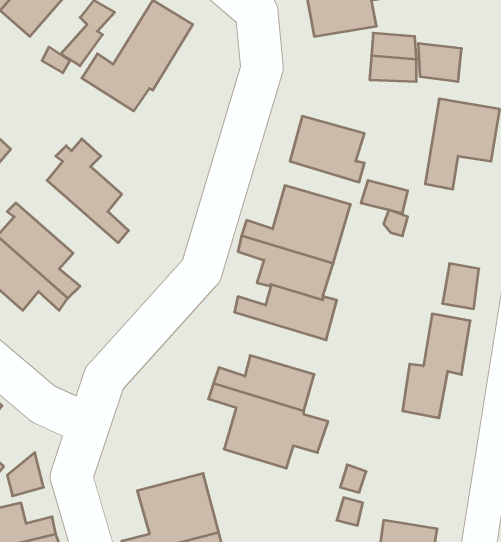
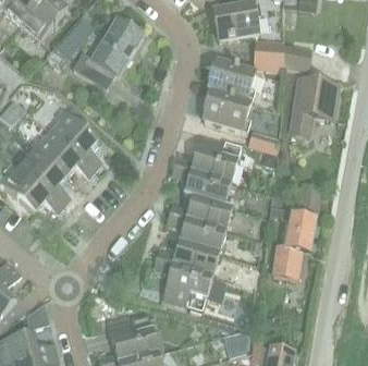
building: none -> [207,60,254,102]
building: none -> [30,131,95,178]
building: none -> [164,213,225,253]

